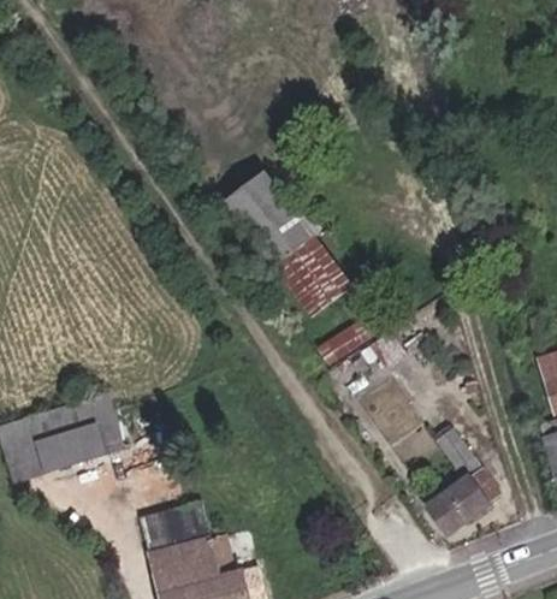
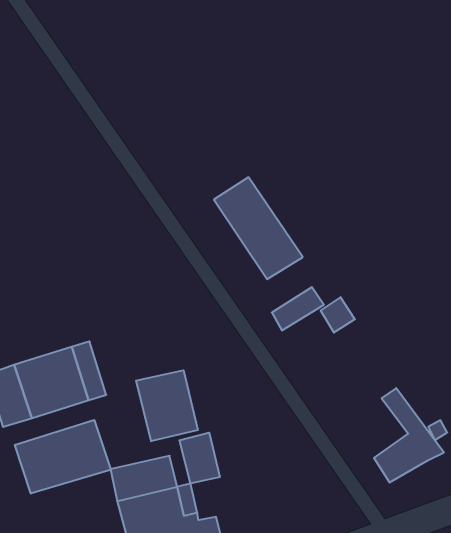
building: [229,174,286,230] -> none
building: none -> [136,370,198,441]
building: none -> [15,420,111,494]
building: none -> [179,433,220,484]

